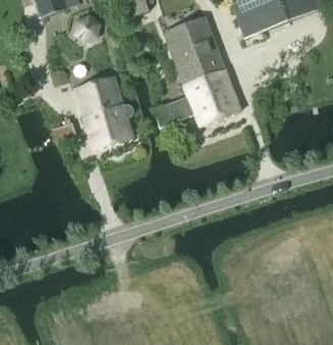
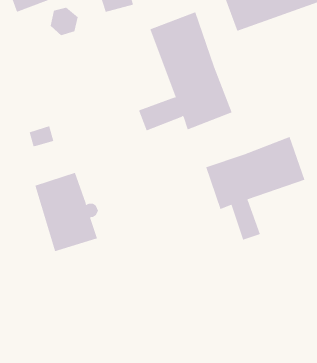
building: [75,73,134,147] -> [35,172,99,252]
building: none -> [206,136,305,240]

